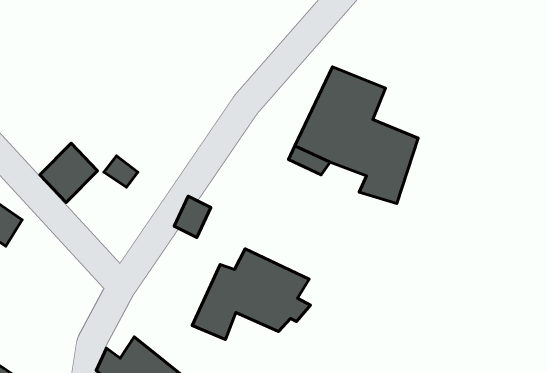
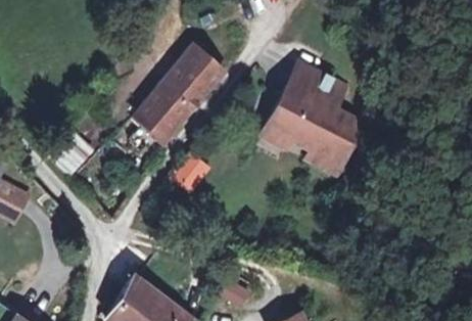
building: none -> [136,38,230,136]
building: [192,249,311,339] -> none

